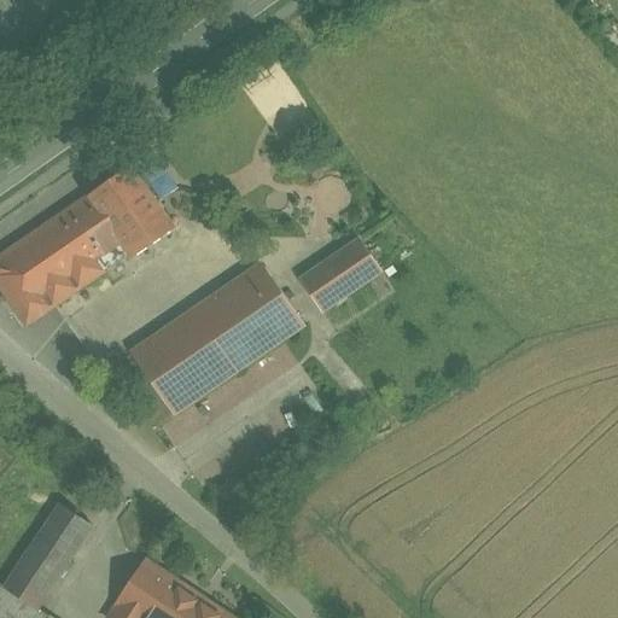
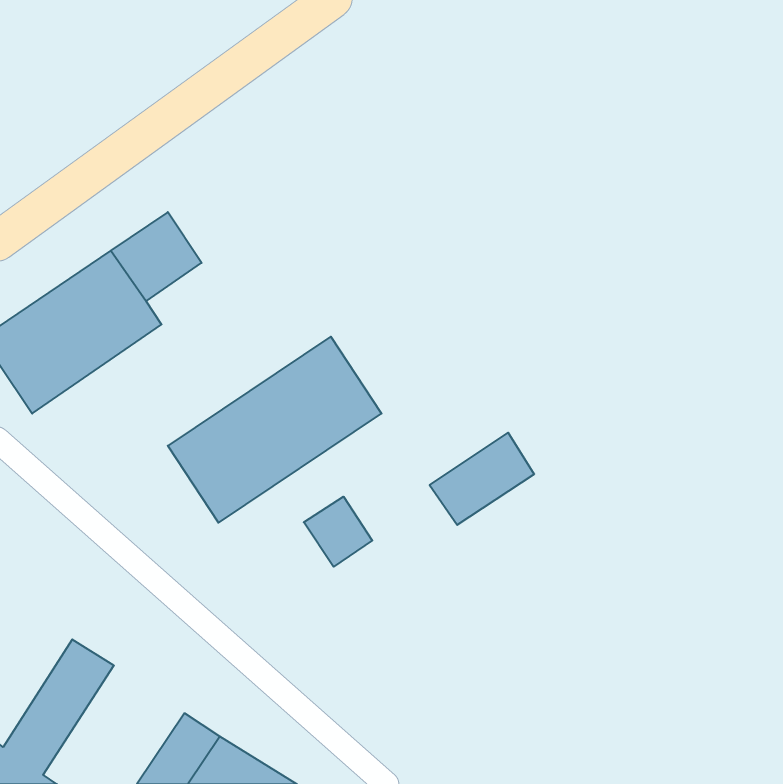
building: [115,206,174,258] -> none
building: [298,239,380,311] -> [430,433,534,525]
building: none -> [304,497,372,567]

